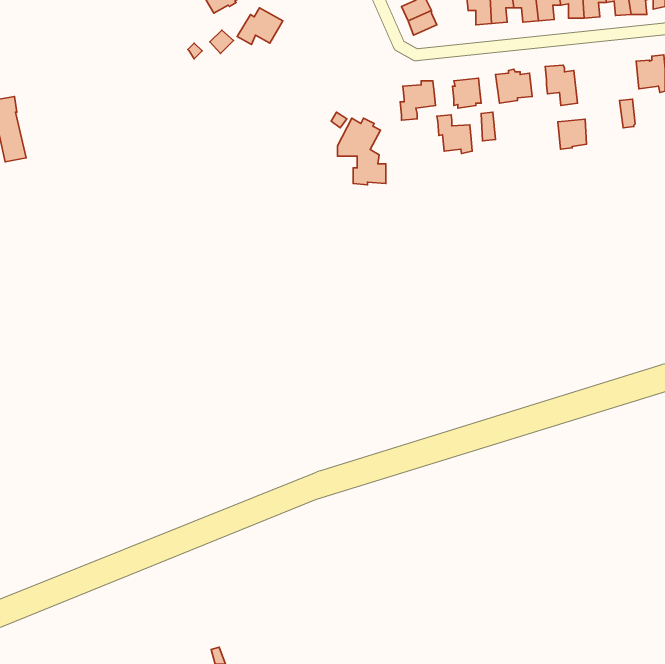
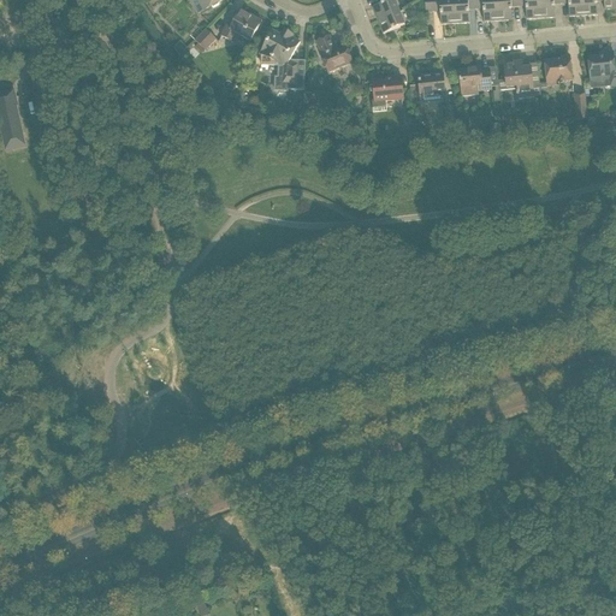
building: none -> [315,34,351,71]
building: [437,115,472,153] -> none
building: [337,118,386,185] -> [259,29,303,90]
building: [558,119,587,149] -> [544,57,570,84]

